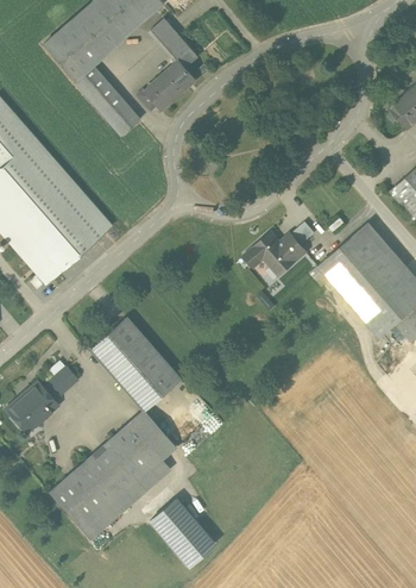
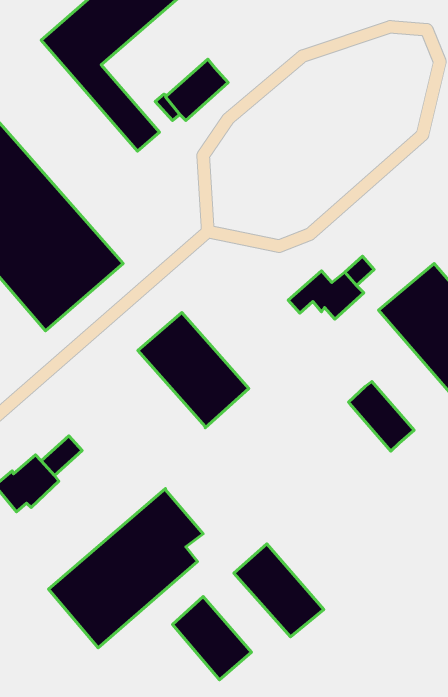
building: [152,18,198,67] -> none
building: [90,317,181,411] -> [138,312,249,428]
building: none -> [348,381,414,451]
building: none -> [234,544,324,637]

